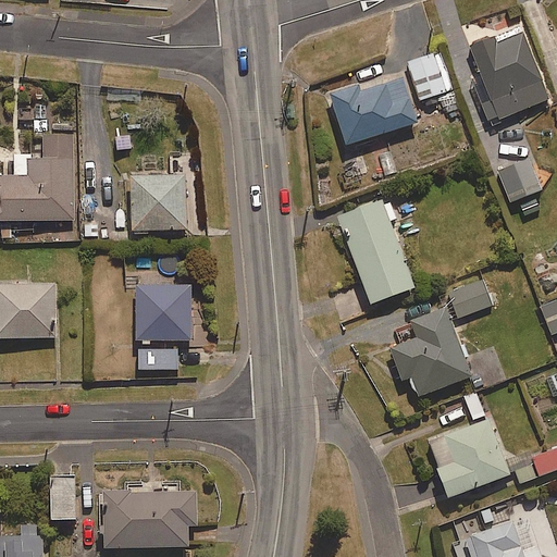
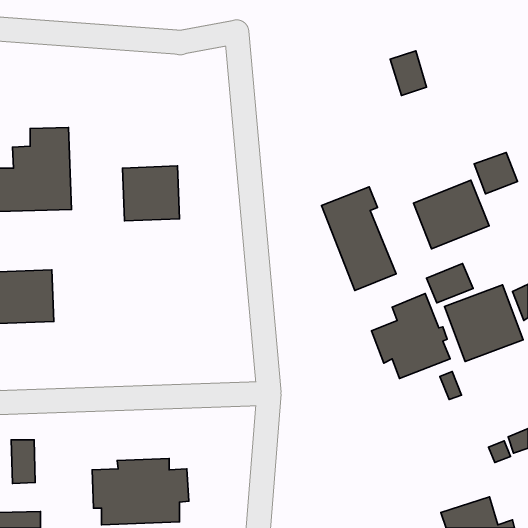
building: [469,29,546,120] -> none
building: [331,78,418,146] -> none
building: none -> [413,180,489,249]
building: [135,284,193,370] -> none
building: [428,418,510,498] -> [444,285,523,361]
building: [49,475,74,521] -> [11,440,35,483]

